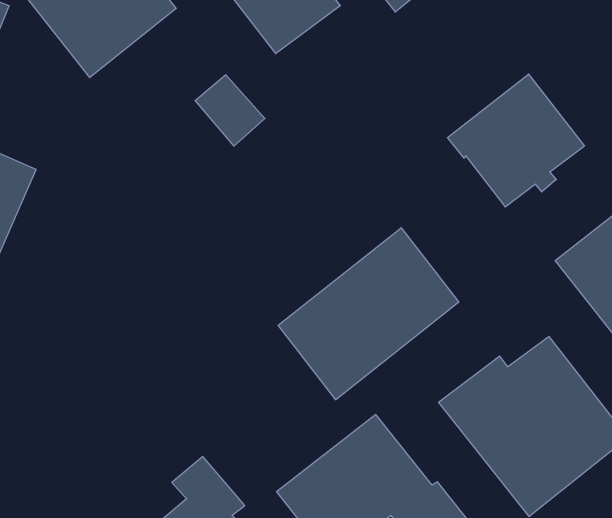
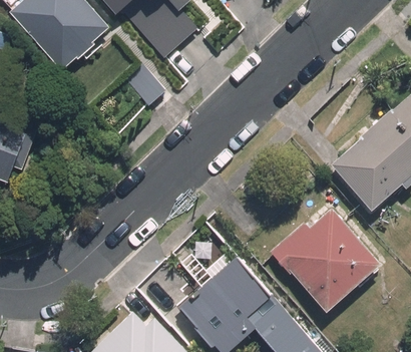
building: [448,74,584,207] -> none
building: [278,228,459,400] -> none

